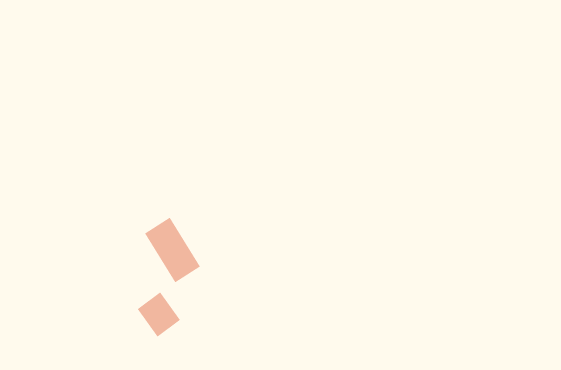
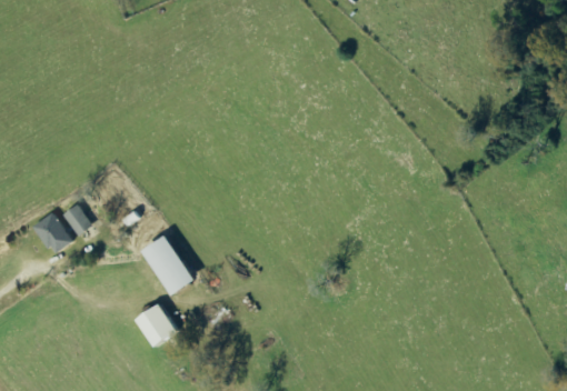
building: none -> [61,204,91,237]
building: none -> [32,212,71,255]

